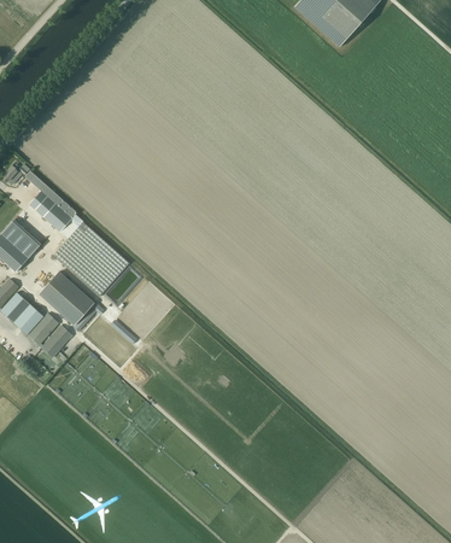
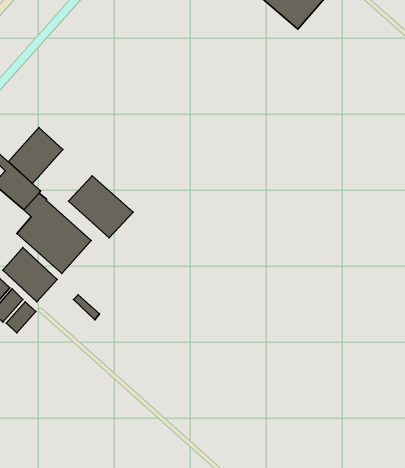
building: none -> [8,127,63,184]
building: none -> [69,176,133,238]

